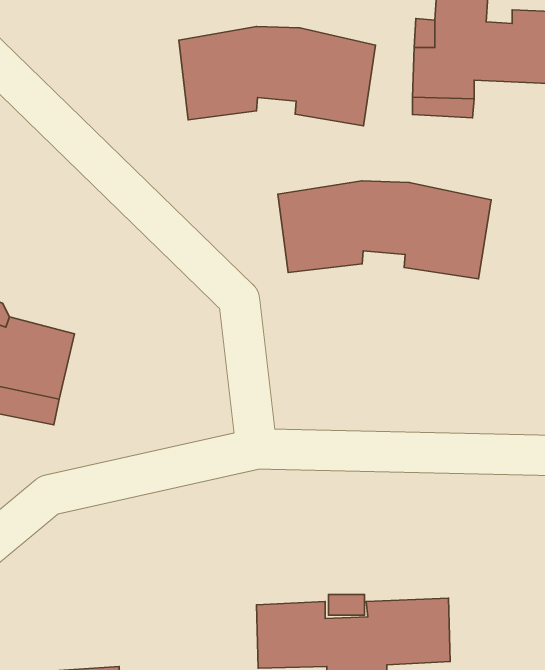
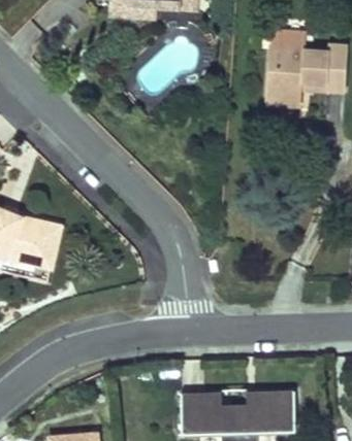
building: [179,26,376,126] -> none
building: [278,181,491,279] -> none

